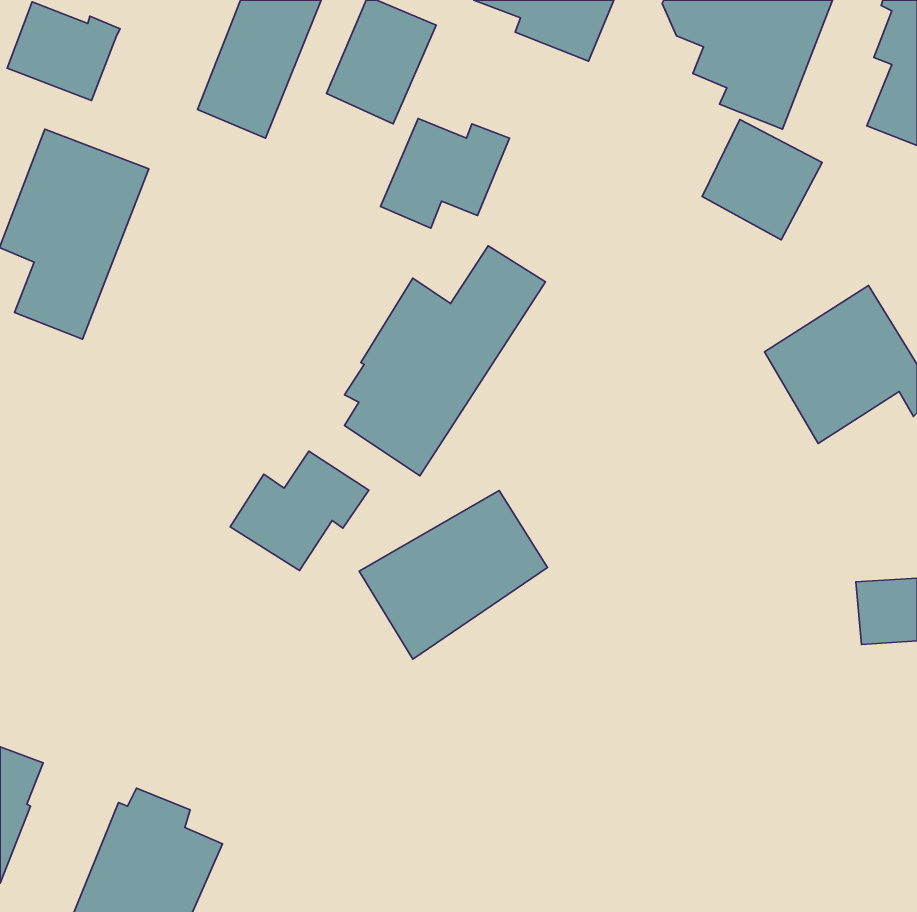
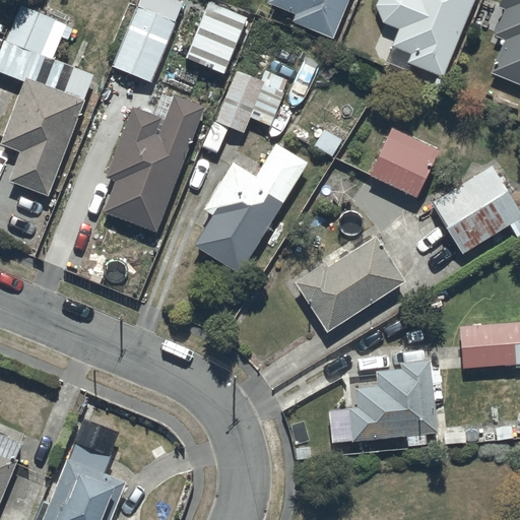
building: [702,119,822,240] -> [370,127,438,195]
building: none -> [103,92,205,232]
building: [230,451,369,571] -> none
building: [359,490,548,659] -> [297,236,403,331]
building: none -> [348,361,436,446]

